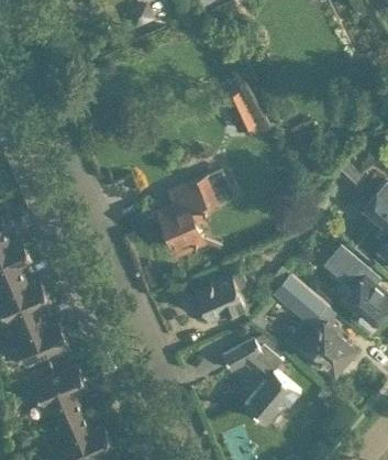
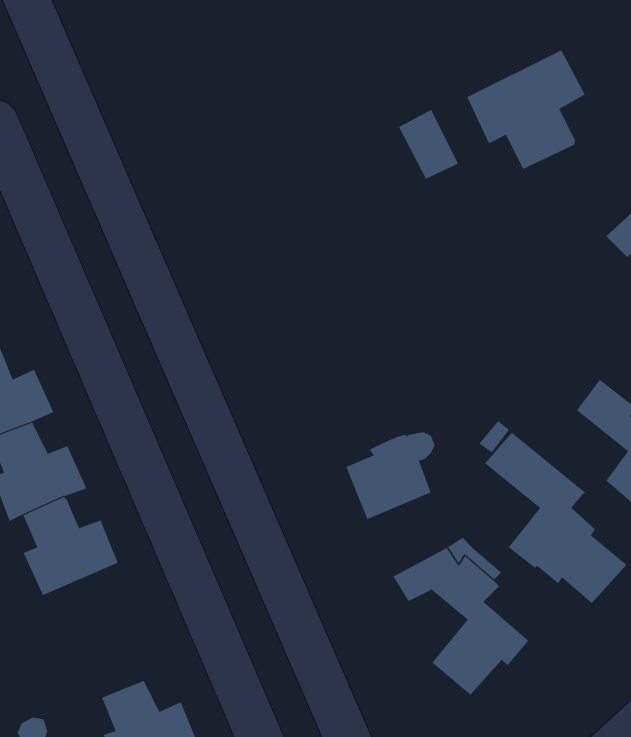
building: none -> [466,49,586,171]
building: [159,176,234,251] -> none
building: [33,366,87,425] -> none

